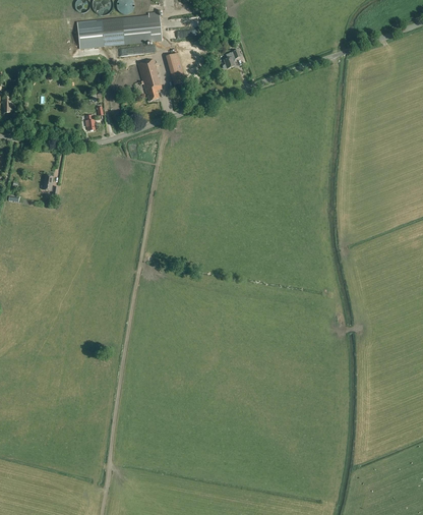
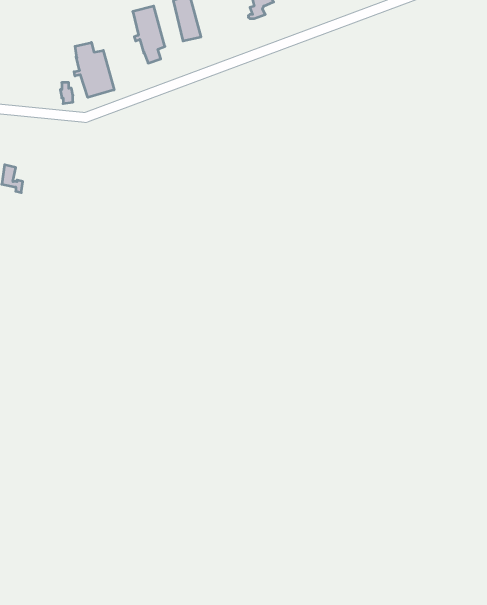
building: none -> [74,42,114,97]

